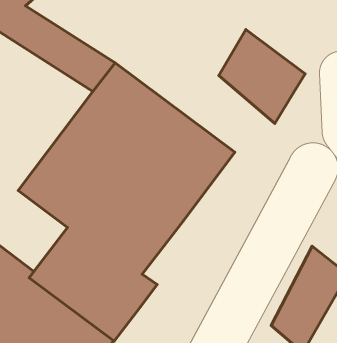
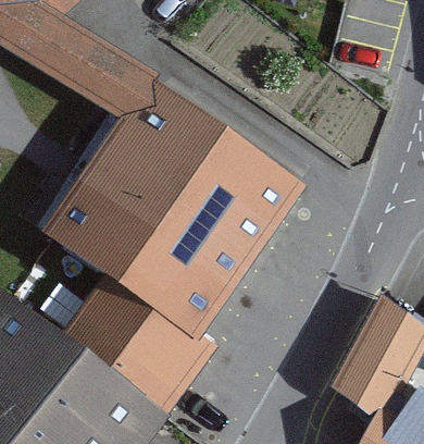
building: [219,29,305,123] -> none

